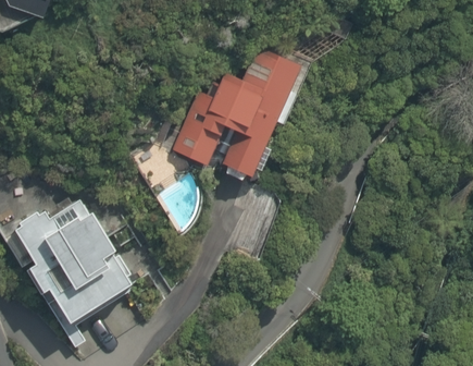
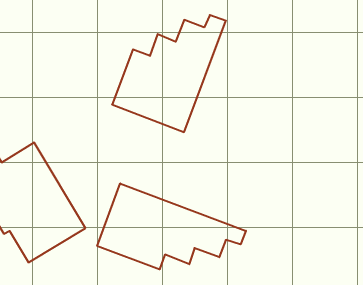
building: none -> [97,183,246,269]

